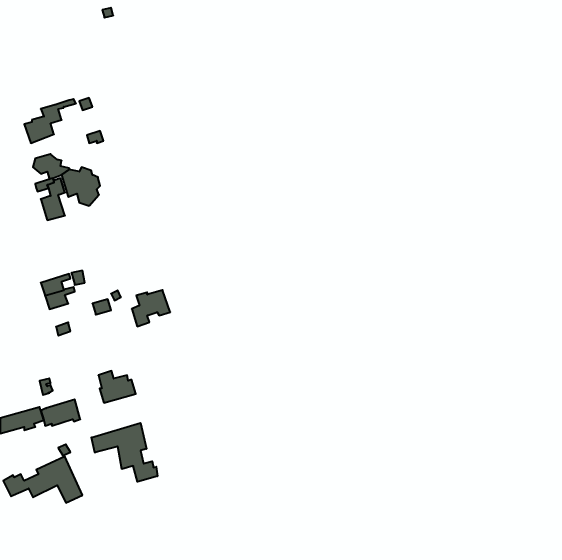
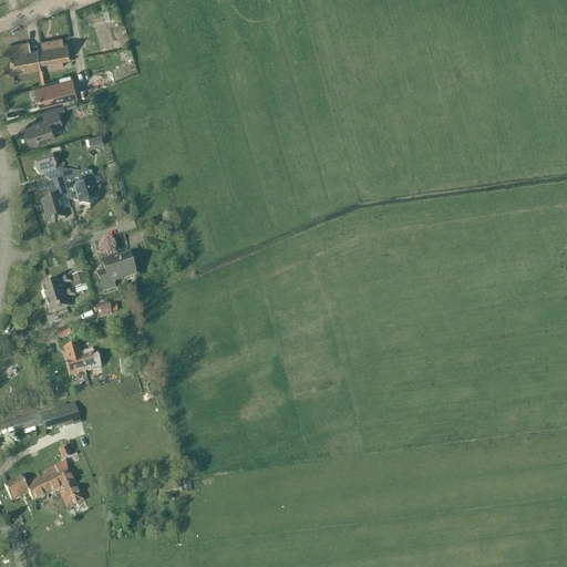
building: none -> [8,35,69,72]
building: none -> [35,78,75,104]
building: [132,290,170,326] -> [97,254,136,290]
building: [98,371,136,403] -> [64,343,102,375]
building: [91,423,157,482] -> none

